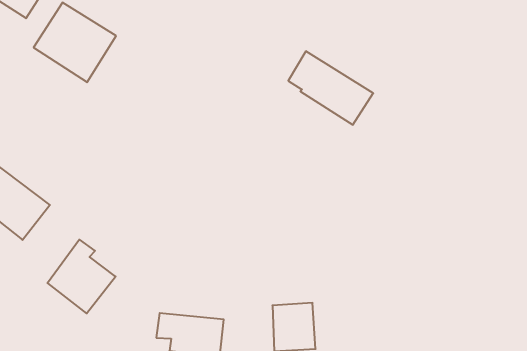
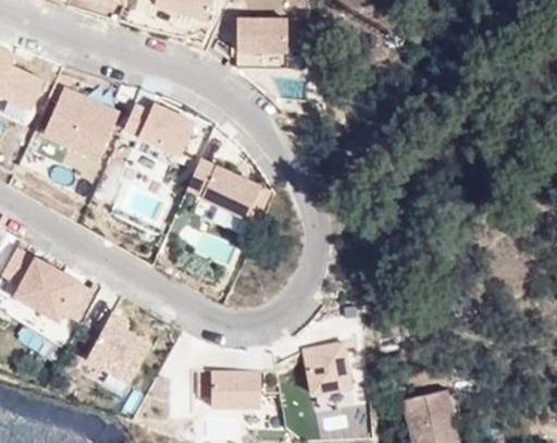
building: none -> [123,90,194,169]
building: [288,51,373,125] -> [187,161,270,225]

